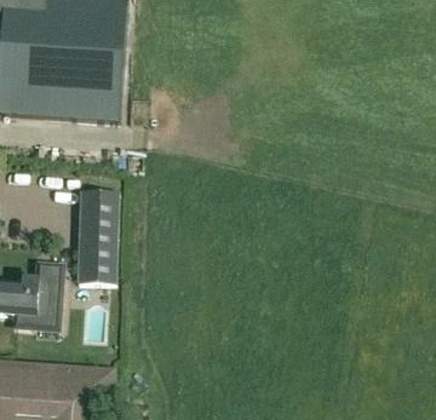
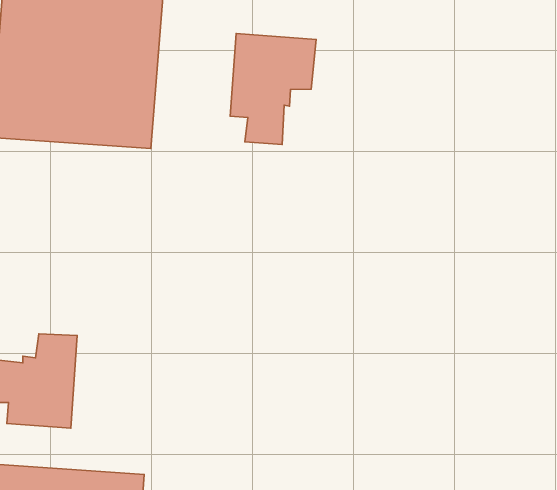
building: none -> [230,33,316,145]
building: [78,190,117,283] -> none

